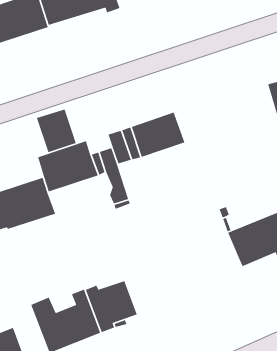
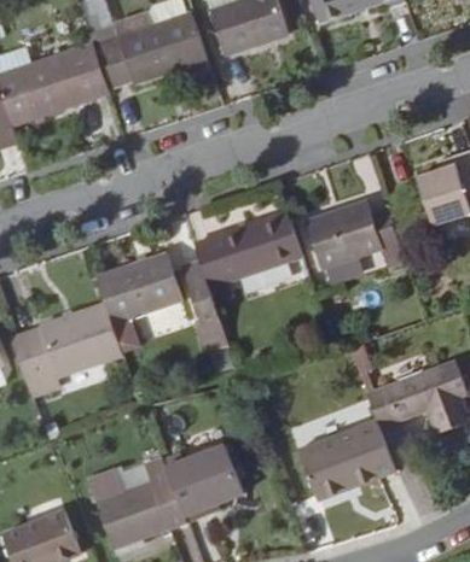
building: none -> [308,201,405,269]
building: [36,109,77,153] -> none
building: none -> [298,417,398,498]

